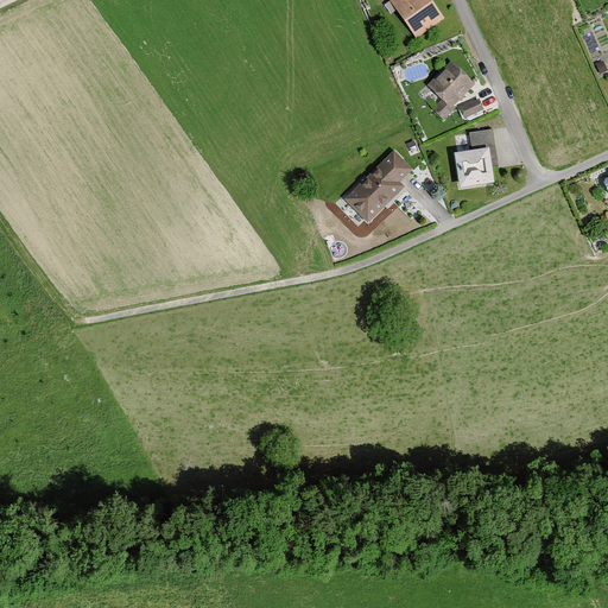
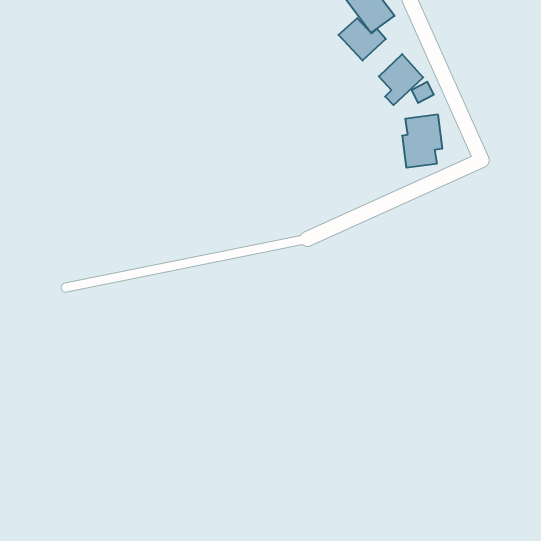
building: none -> [338,18,386,61]
building: [343,152,410,222] -> none

